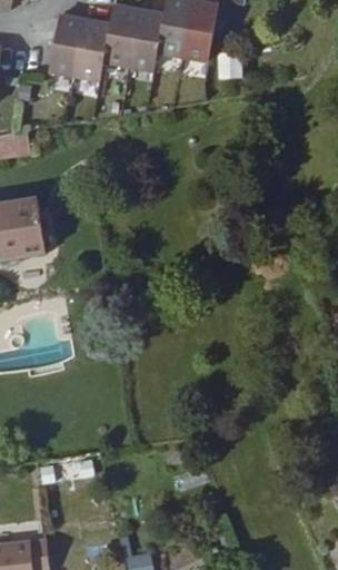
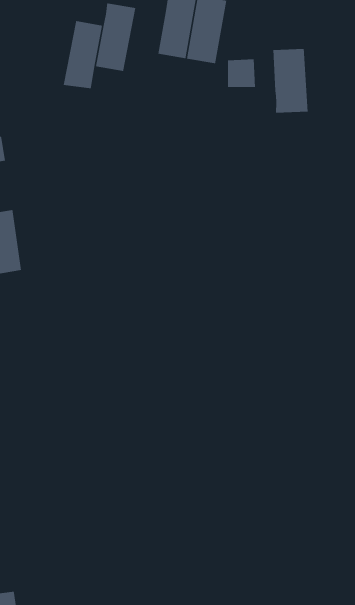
building: [129,13,166,75] -> none
building: [49,20,86,82] -> none
building: none -> [273,48,308,113]

